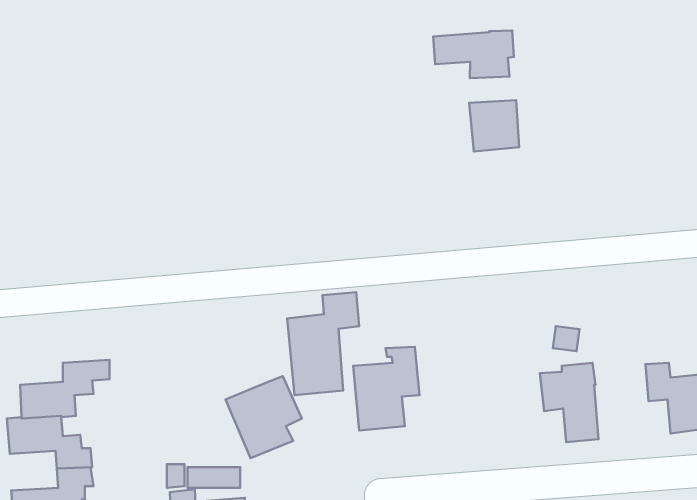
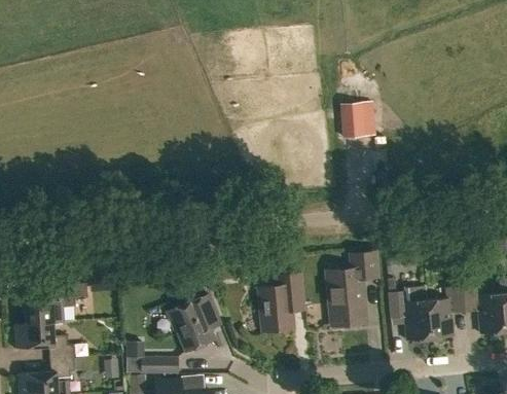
building: [433,30,514,78] -> none
building: [287,292,359,395] -> [327,253,377,325]
building: none -> [427,286,465,338]

